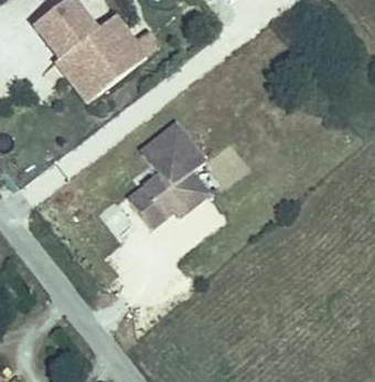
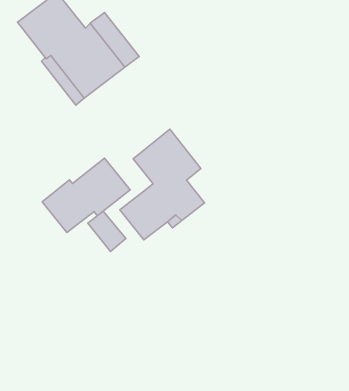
building: none -> [42,158,130,232]

